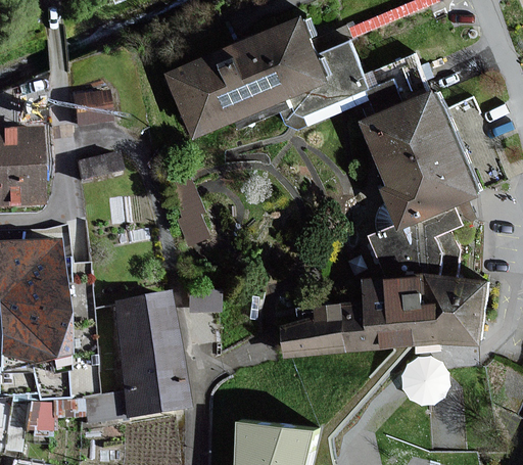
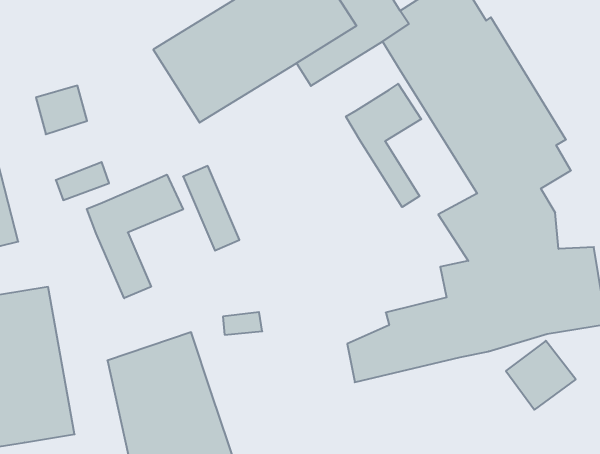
building: none -> [346,84,421,207]
building: none -> [87,175,183,298]

